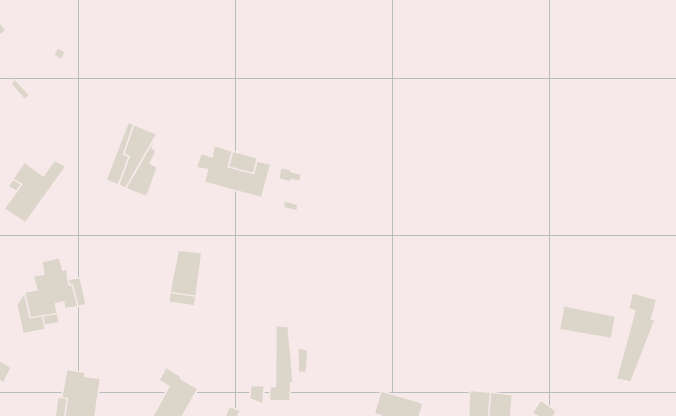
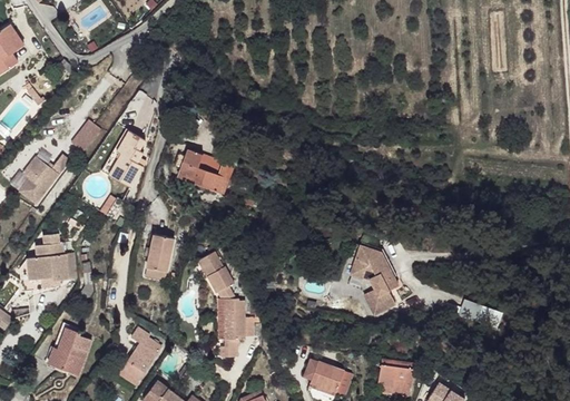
building: none -> [69,120,100,153]
building: none -> [347,244,404,317]
building: none -> [199,253,235,302]
building: [616,293,657,382] -> none

